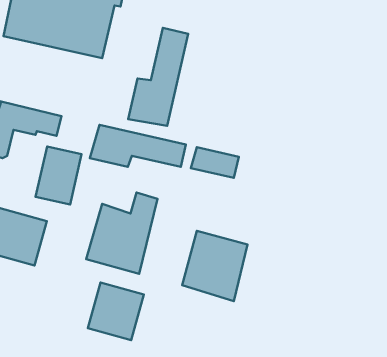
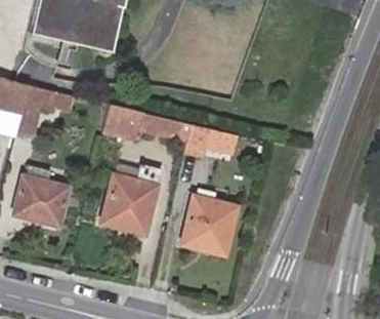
building: [128,28,188,126] -> none
building: [36,147,81,205] -> none
building: [88,283,144,340] -> none

